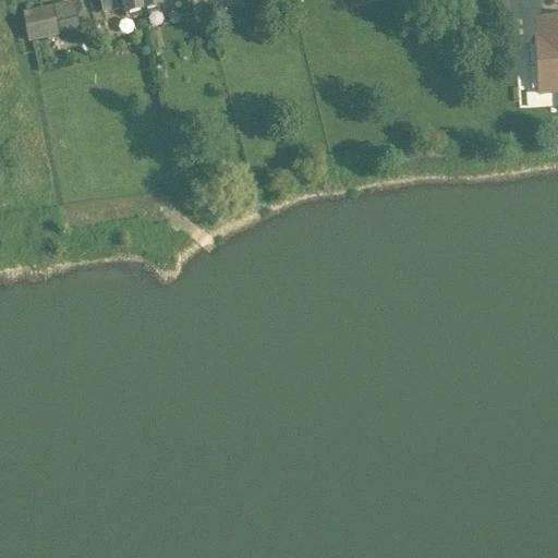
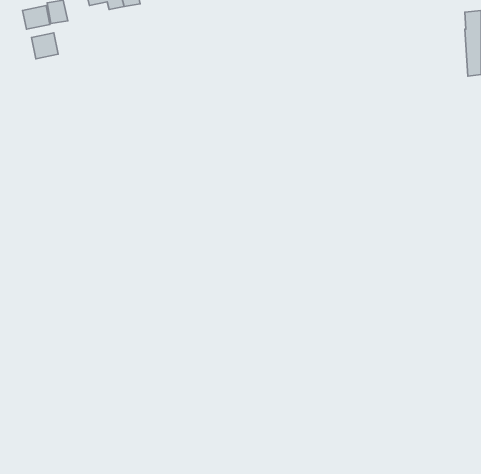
building: none -> [32,33,58,59]

